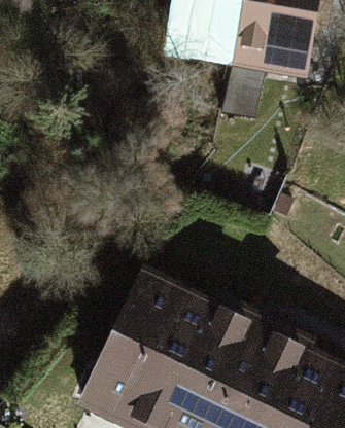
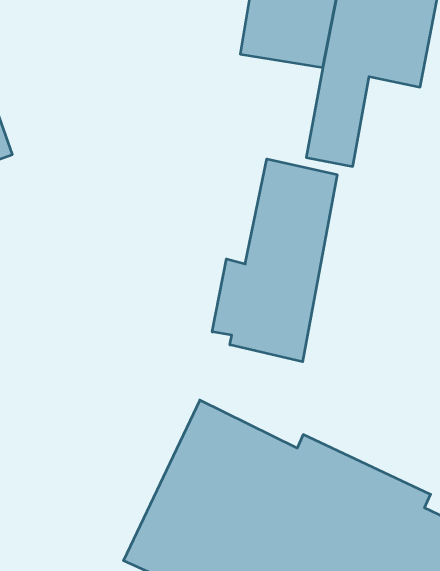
building: none -> [212,159,337,362]

